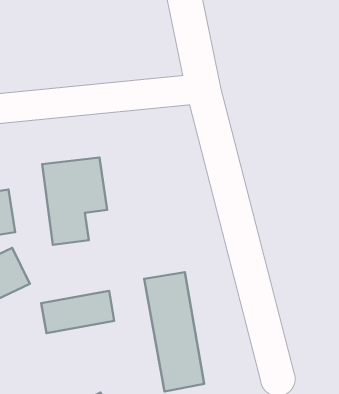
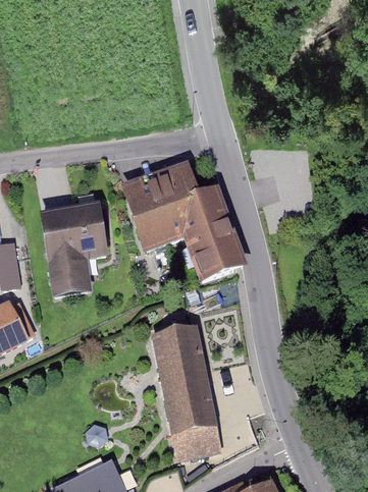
building: none -> [124,166,241,277]
building: [41,291,114,333] -> none

